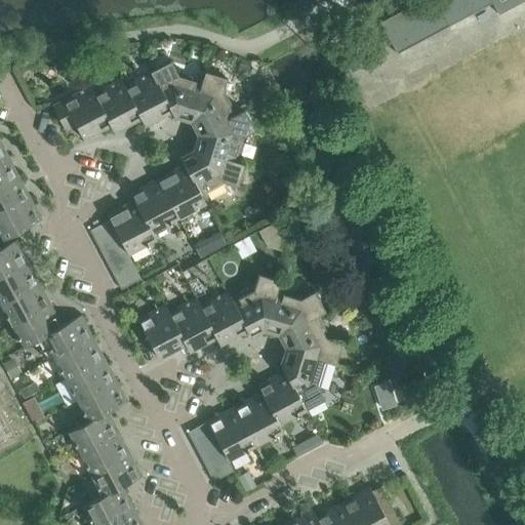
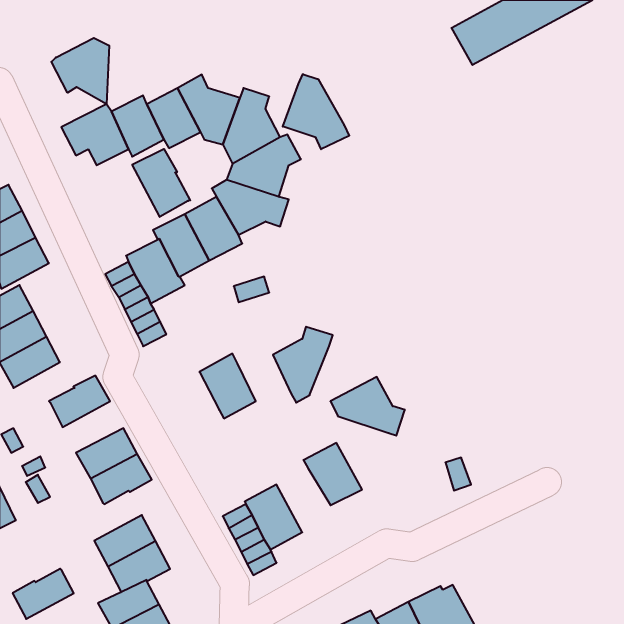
building: none -> [51,38,109,104]
building: none -> [283,74,349,149]
building: none -> [132,149,190,217]
building: [199,291,244,345] -> none
building: [259,291,323,337] -> none
building: [11,305,63,349] -> none
building: [135,306,184,359] -> none
building: [52,337,104,380] -> none
building: [277,350,326,411] -> none
building: [232,394,281,447] -> none
building: [68,412,119,454] -> [13,569,74,619]

